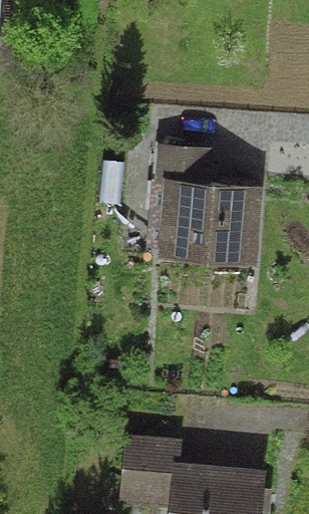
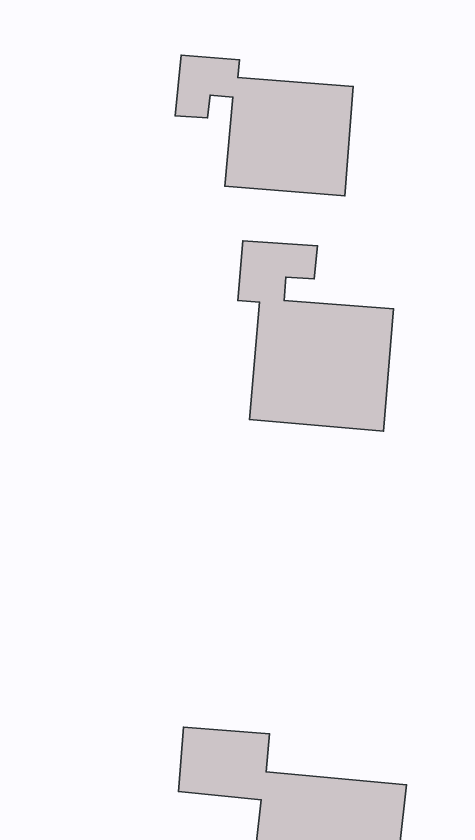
building: none -> [175,55,353,196]

